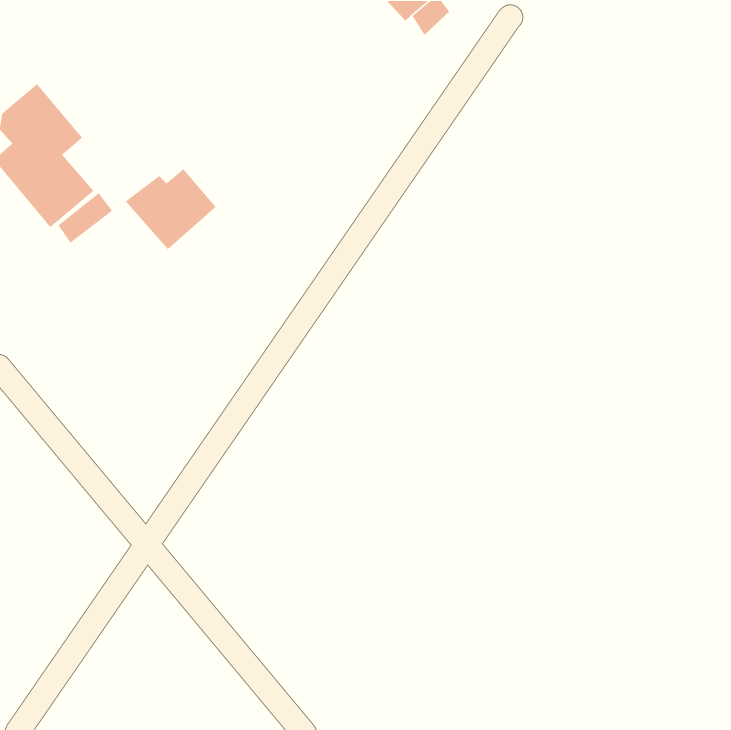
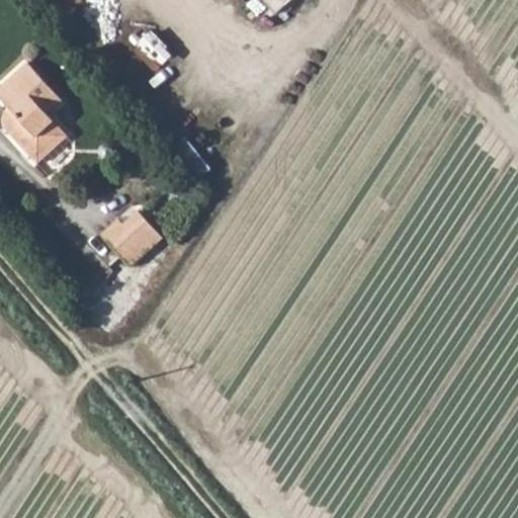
building: [125,168,217,250] -> [98,209,163,267]

